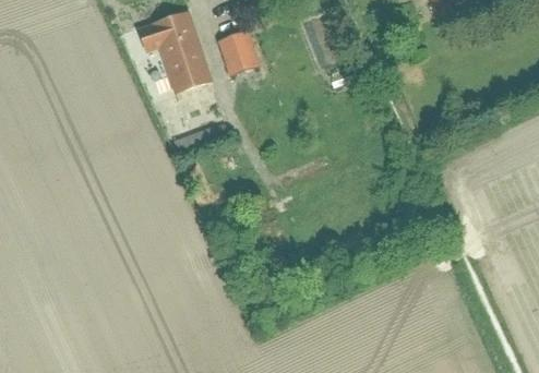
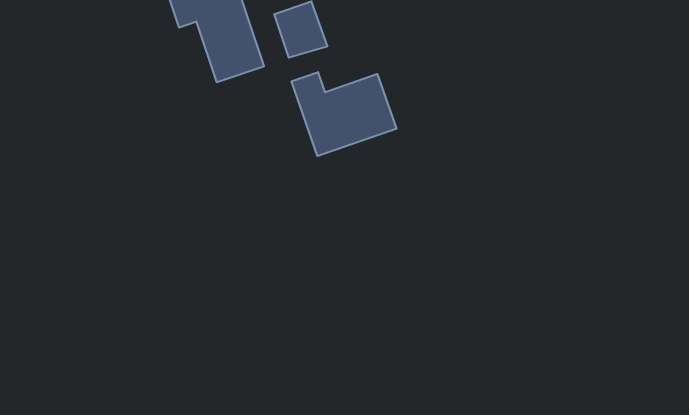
building: none -> [292,72,396,156]

